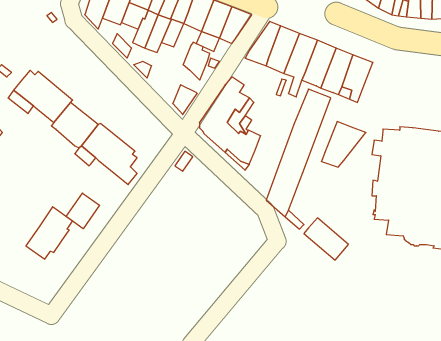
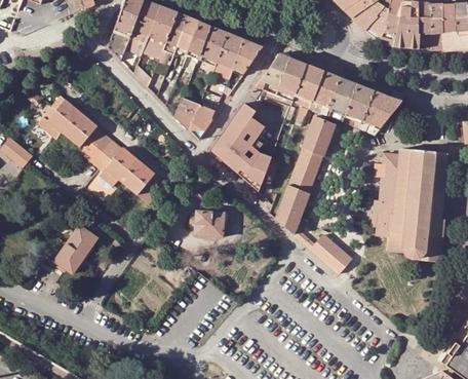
building: [183,42,210,80] -> [174,93,199,128]
building: [321,122,366,167] -> [360,90,401,132]
building: none -> [194,210,225,237]
building: [66,193,100,229] -> none

